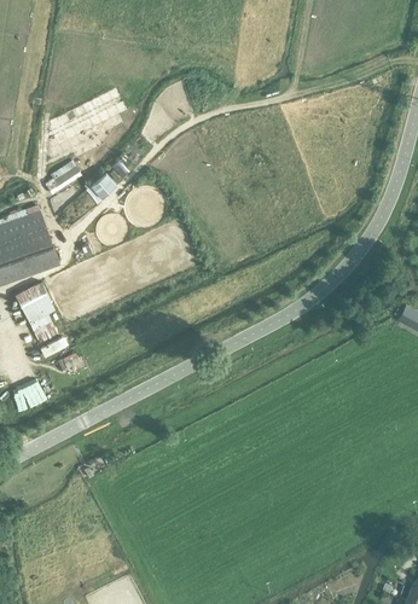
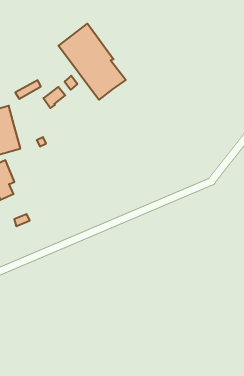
building: none -> [58,24,126,100]

